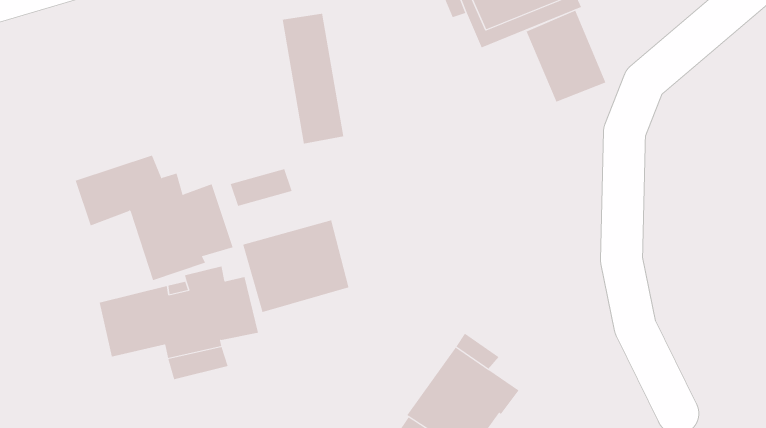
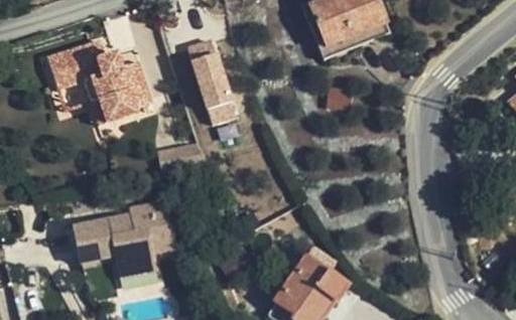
building: [526,10,606,102] -> none
building: [75,155,233,281] -> [47,40,152,124]
building: [242,220,349,313] -> none

